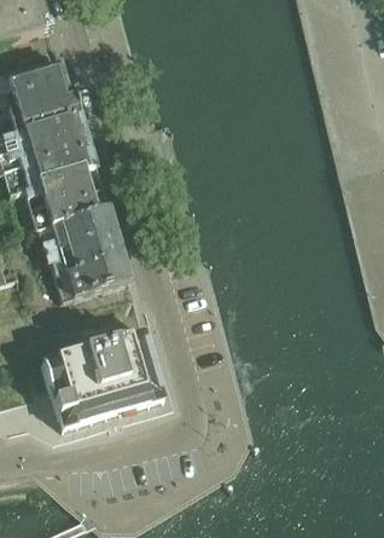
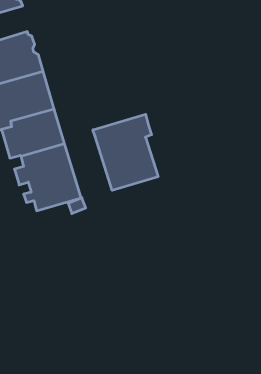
building: none -> [93,114,158,190]
building: [41,330,164,427] -> none

